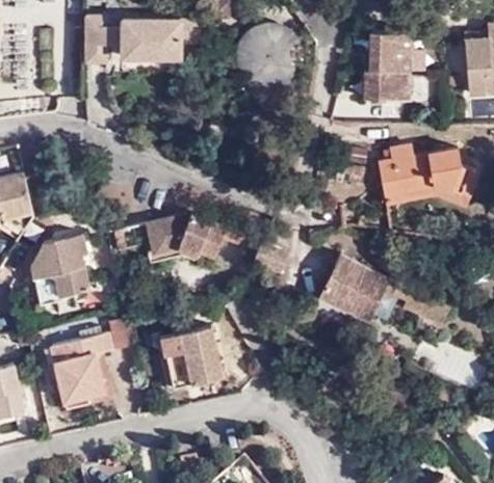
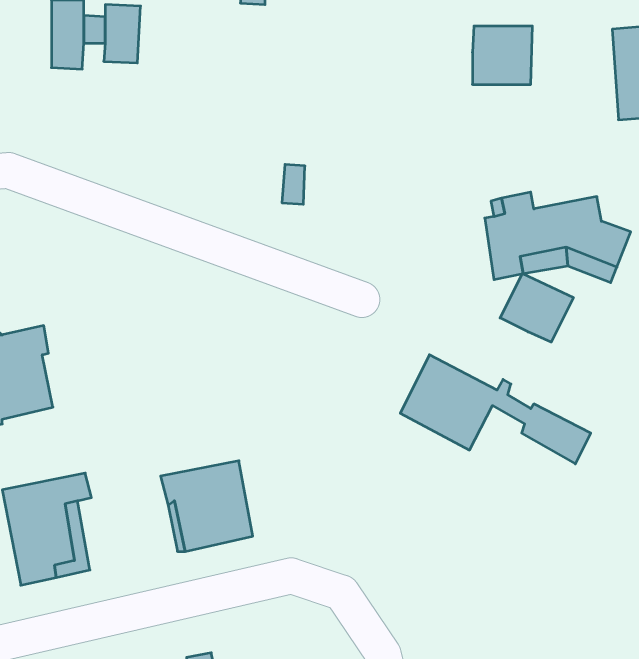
building: [145,19,204,57] -> none
building: [237,22,303,88] -> none
building: [364,72,411,100] -> none
building: none -> [500,274,573,342]
building: [145,213,226,259] -> none

